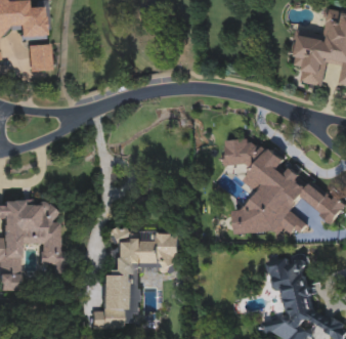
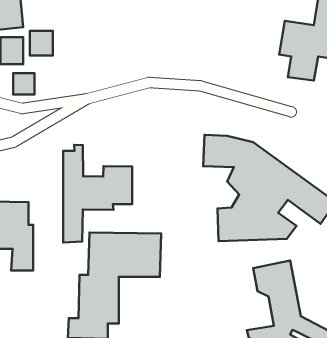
building: none -> [30,31,53,56]
building: none -> [13,73,34,94]
building: none -> [63,145,132,242]

